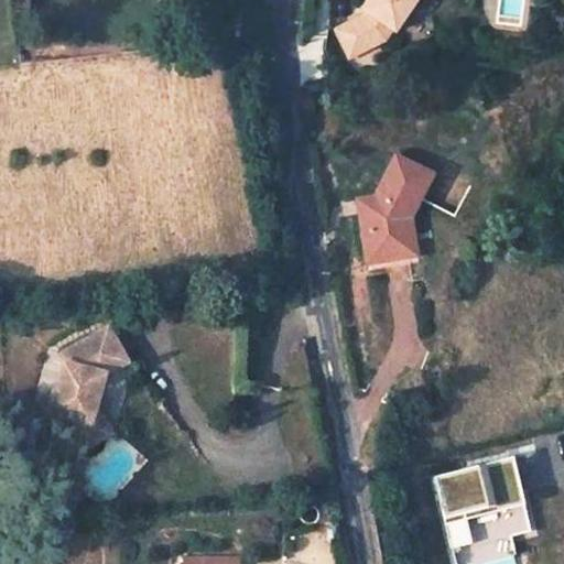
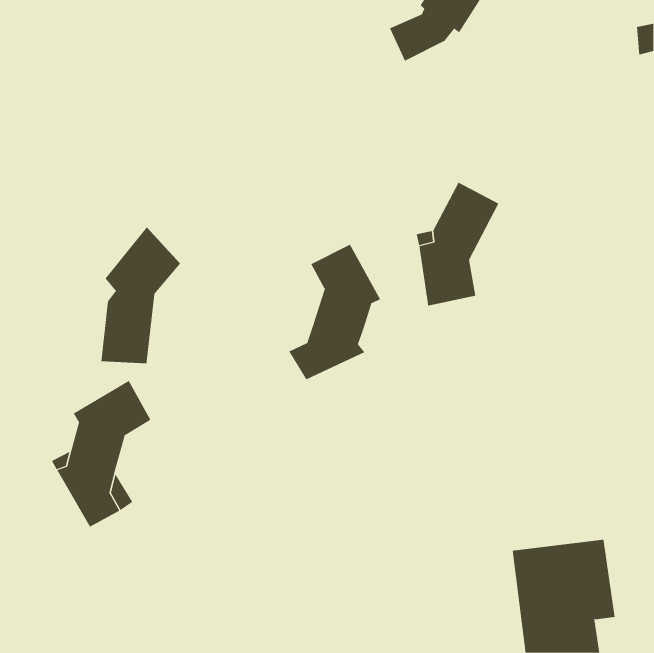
building: none -> [101,226,181,364]
building: none -> [289,244,381,380]

